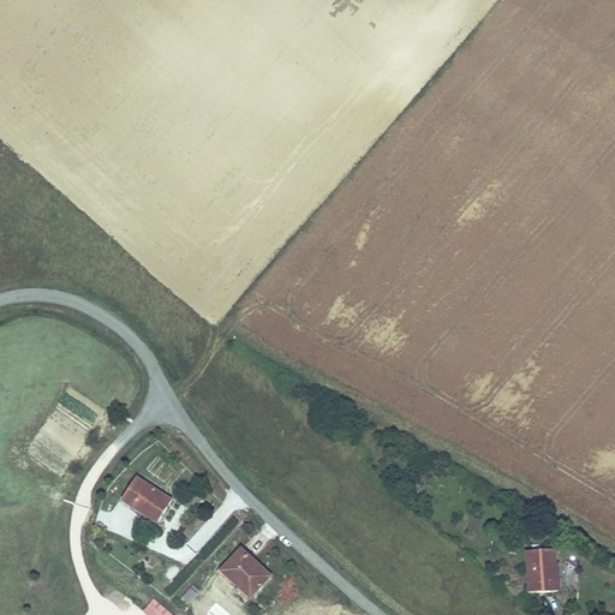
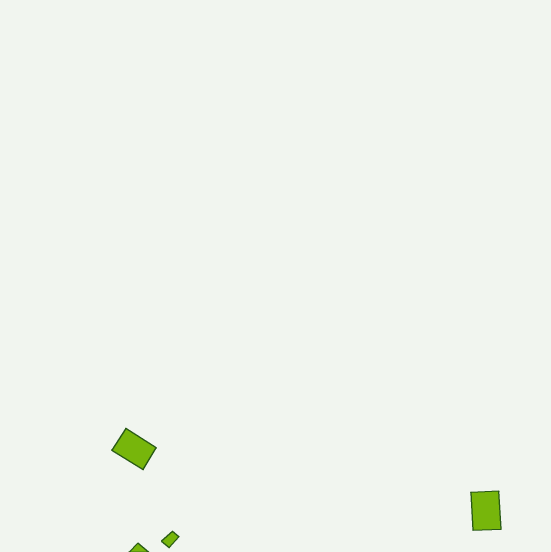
building: [223,555,270,602] -> none

